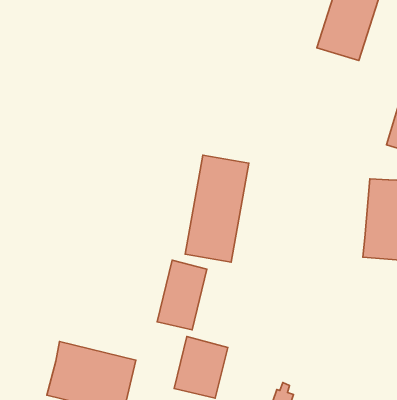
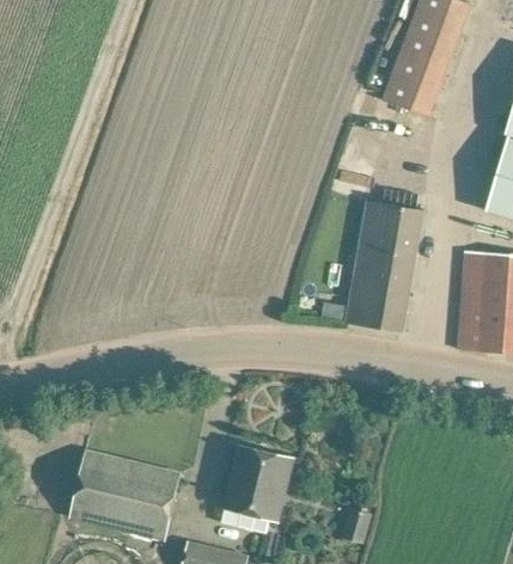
building: [185,155,249,262] -> [346,202,423,332]
building: [157,260,207,330] -> none

